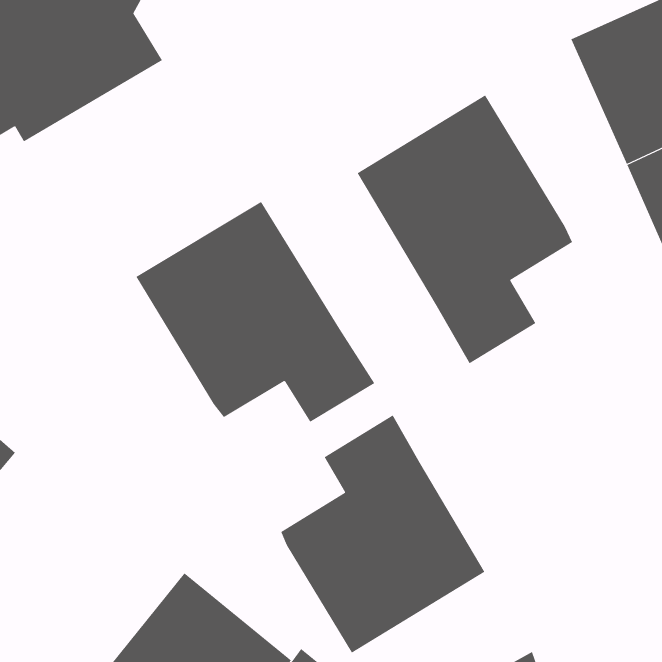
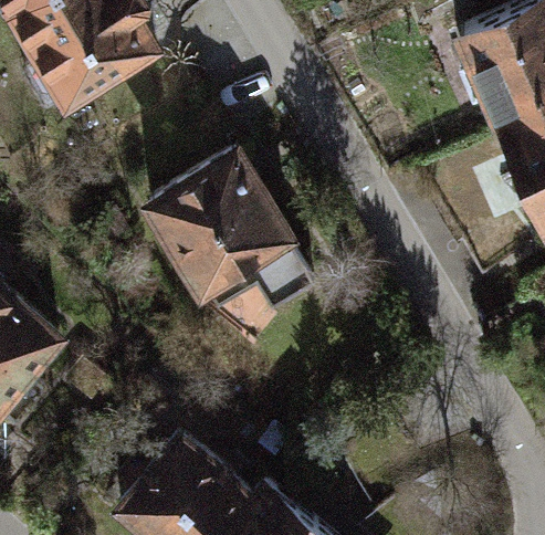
building: [357,94,573,364] -> none
building: [280,415,485,653] -> none

